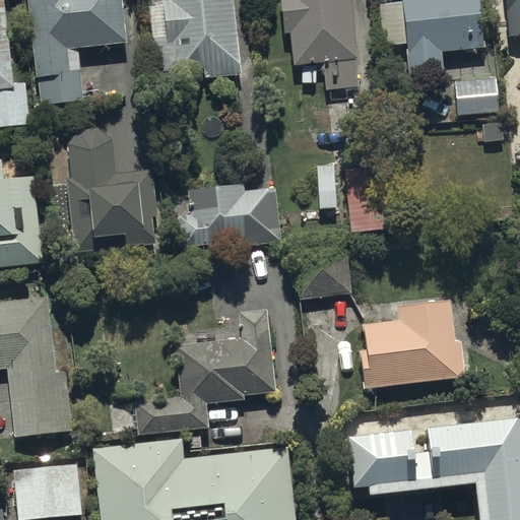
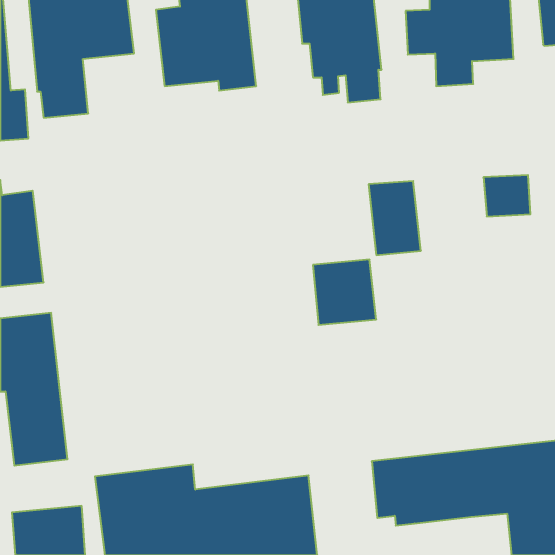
building: [455,81,499,120] -> [483,175,530,216]
building: [65,145,157,260] -> none
building: [178,187,282,251] -> none
building: [356,302,465,391] -> none
building: [136,307,277,432] -> none

